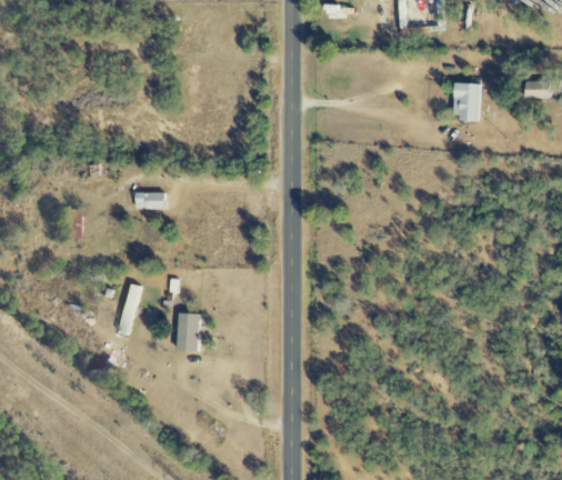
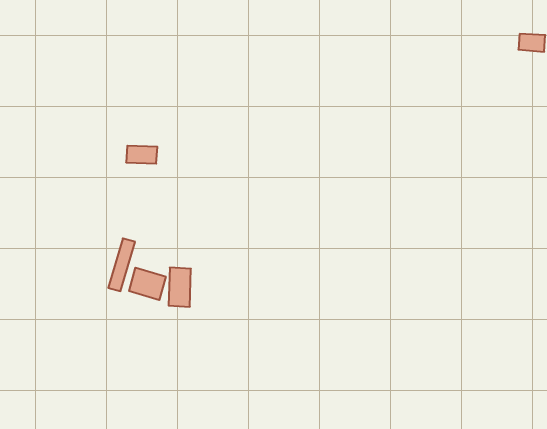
building: [452,82,481,120] -> none
building: none -> [129,268,166,300]

